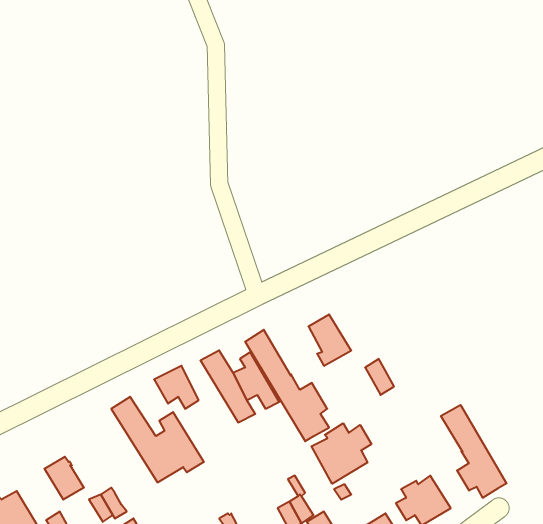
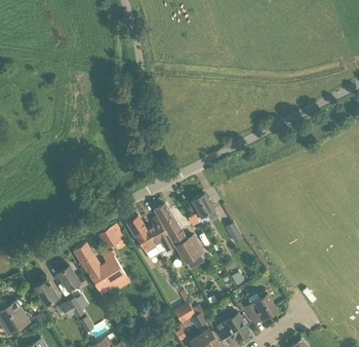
building: [441,405,507,498] -> none
building: [311,423,371,484] -> none
building: none -> [56,265,88,291]

